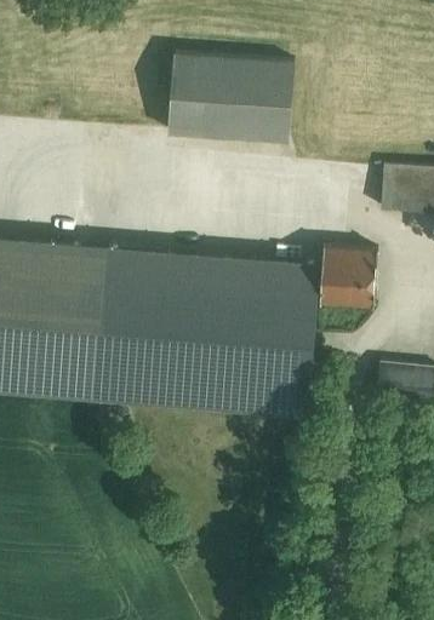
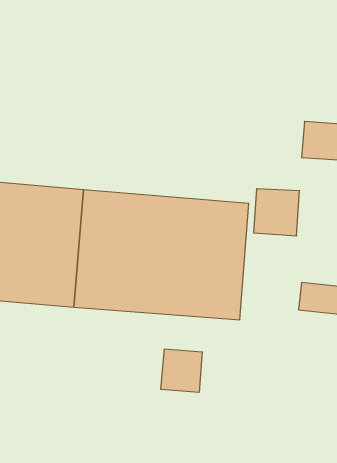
building: [166,54,292,142] -> none
building: none -> [161,349,202,392]

